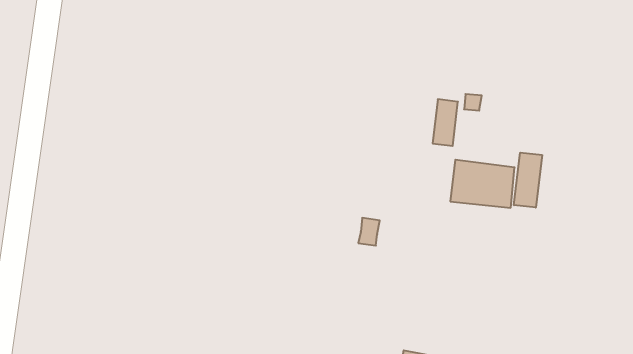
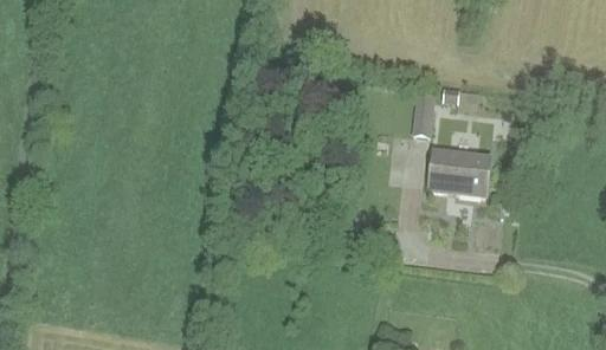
building: [514,153,542,208] -> none

